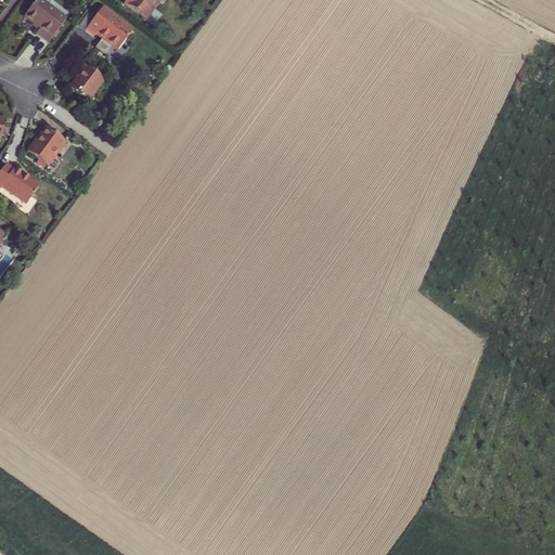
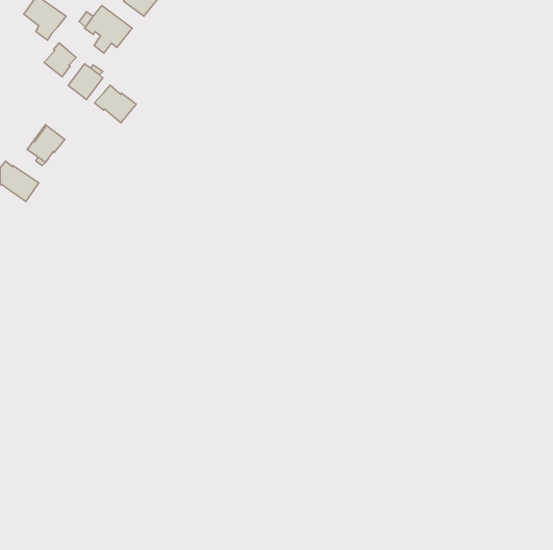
building: none -> [44,43,76,77]
building: none -> [95,85,136,123]

